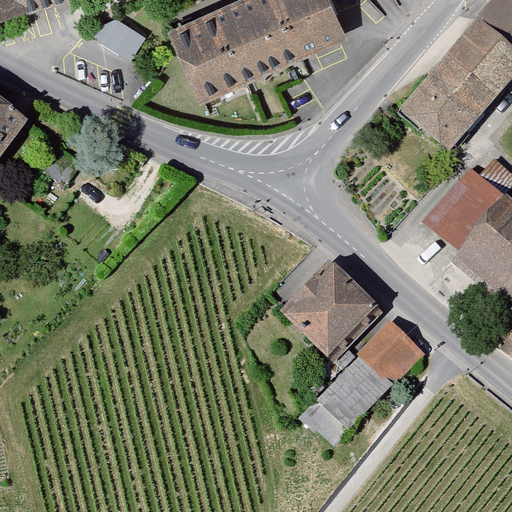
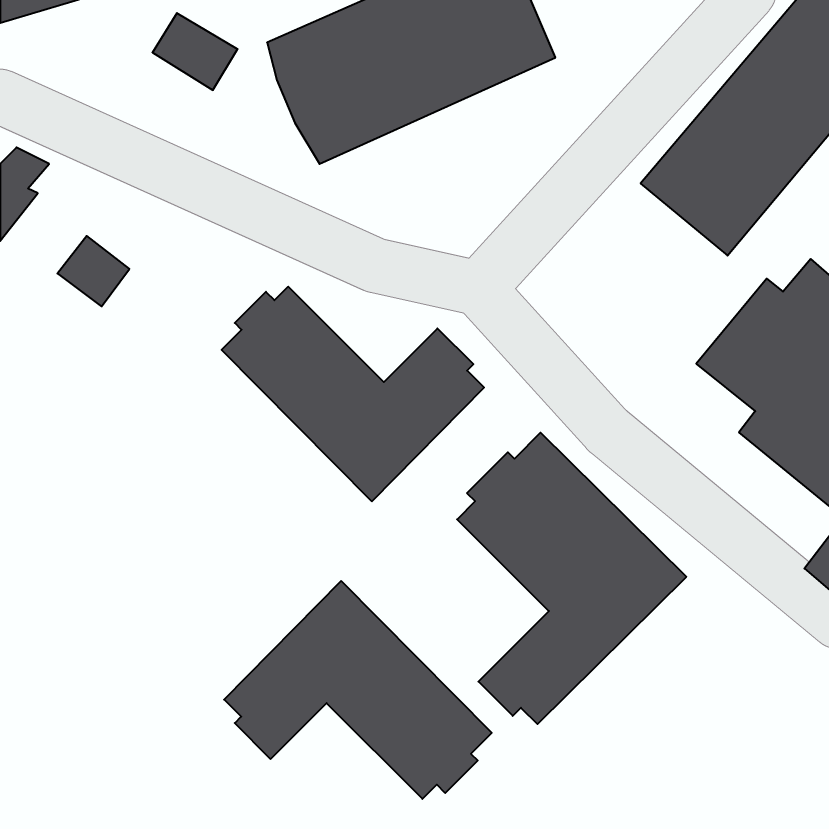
building: none -> [222,287,484,501]
building: none -> [224,581,492,799]

